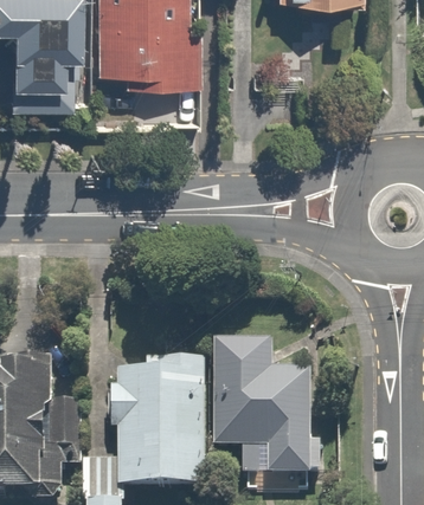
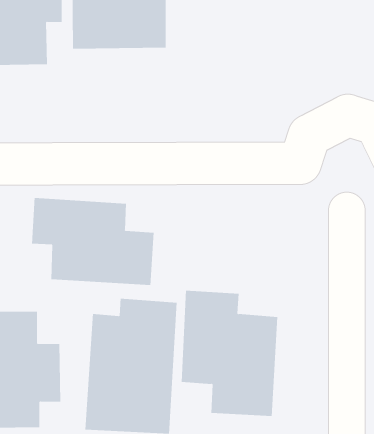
building: none -> [32,197,154,286]

